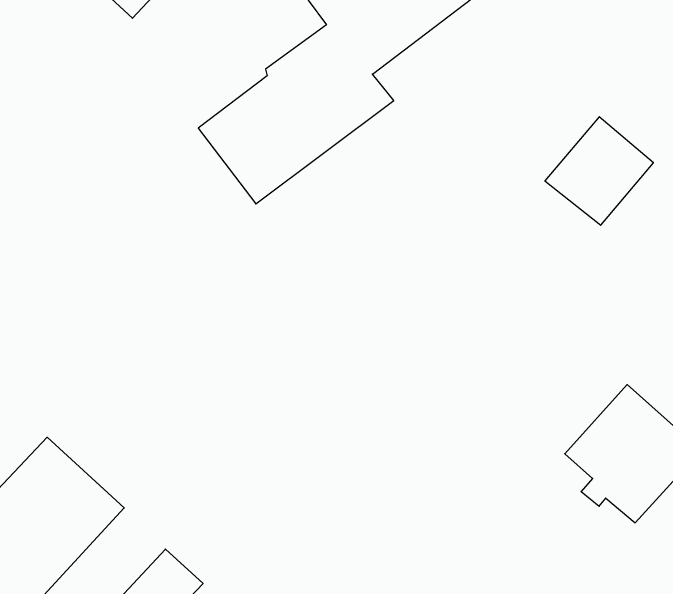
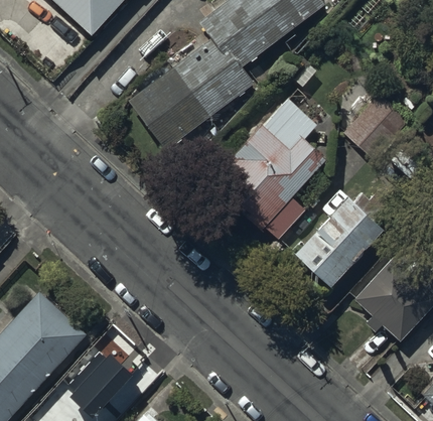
building: none -> [216,98,329,241]
building: none -> [294,193,385,285]

